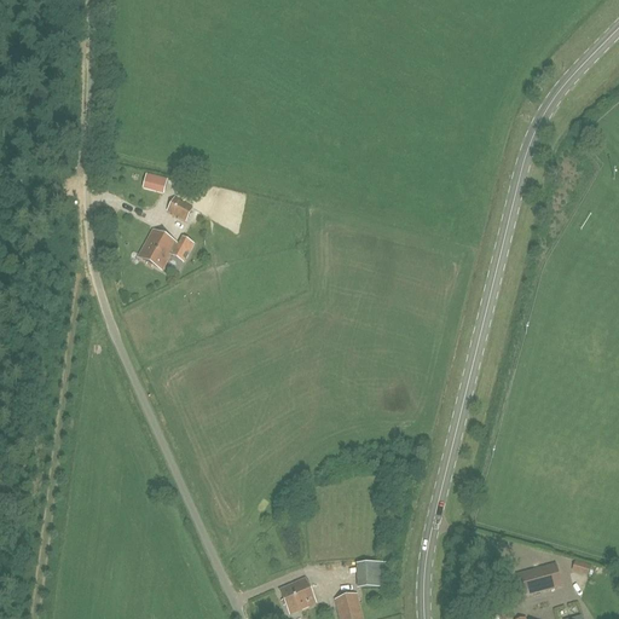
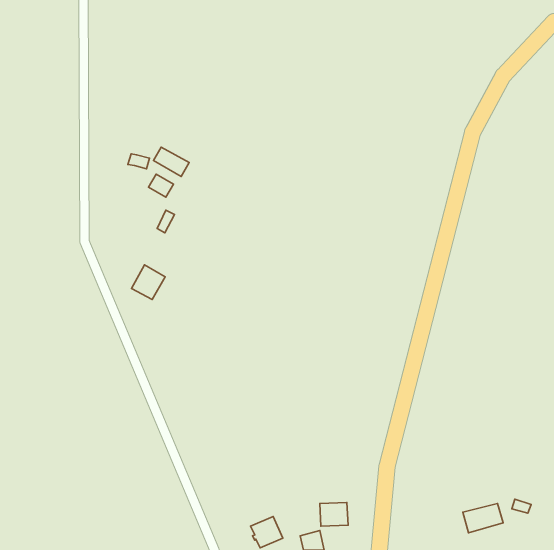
building: none -> [153,147,189,177]
building: [138,230,175,268] -> [131,265,165,299]

